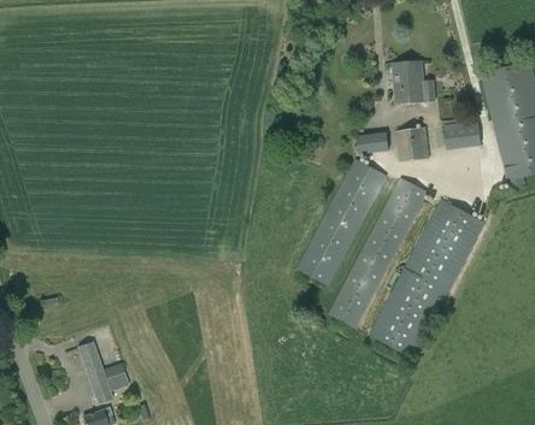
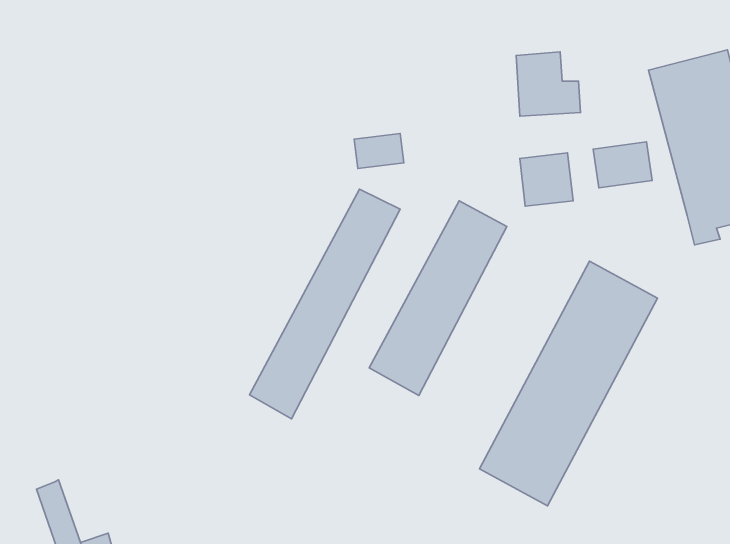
building: [357,131,389,154] -> [354,134,404,168]
building: [329,177,428,327] -> [249,189,400,419]

